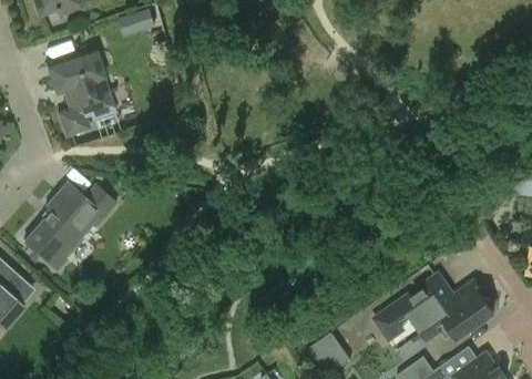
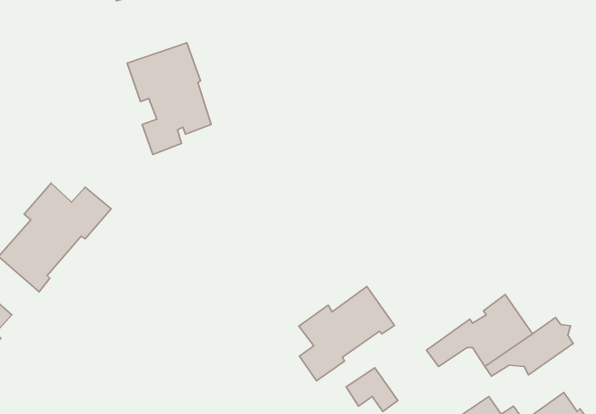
building: [45,47,114,137] -> [127,43,211,154]
building: none -> [299,287,394,381]

